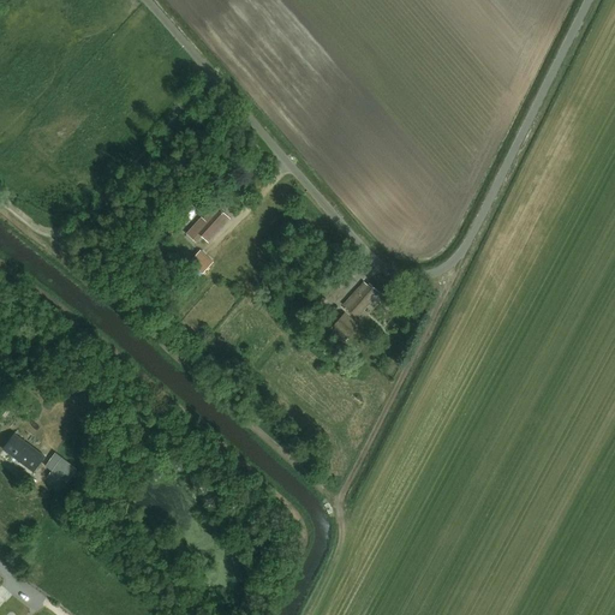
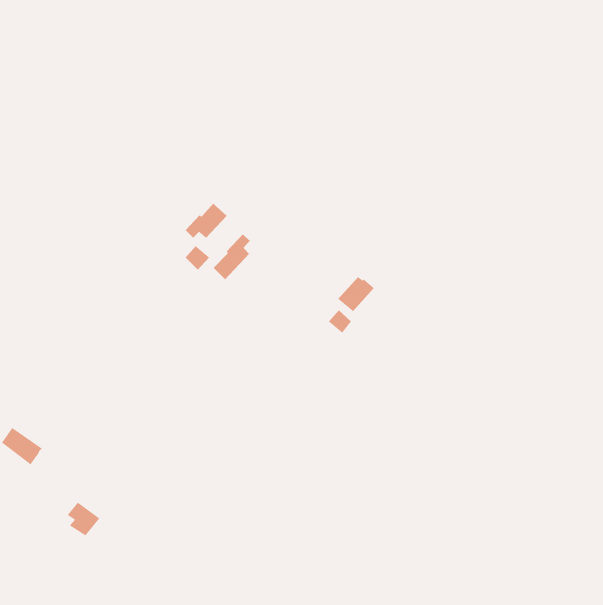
building: none -> [213,234,251,280]
building: [42,452,76,486] -> [67,502,100,536]

